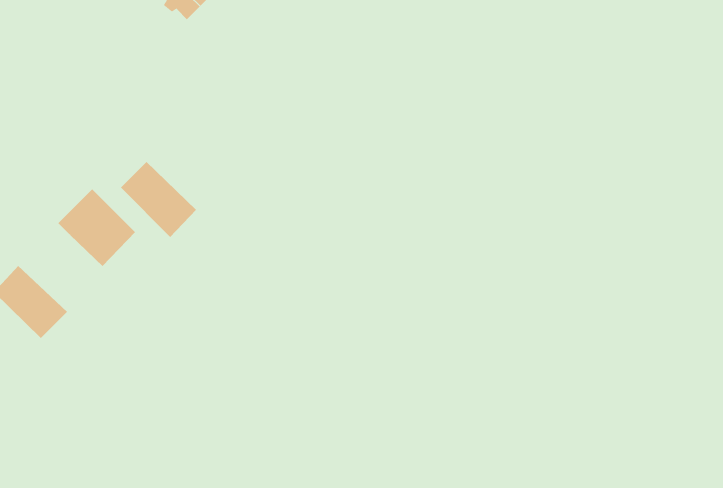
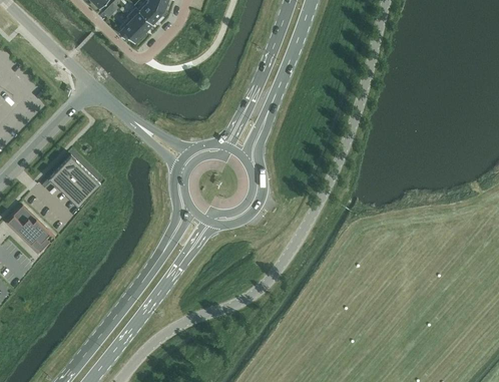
building: [120,161,197,238] -> none

